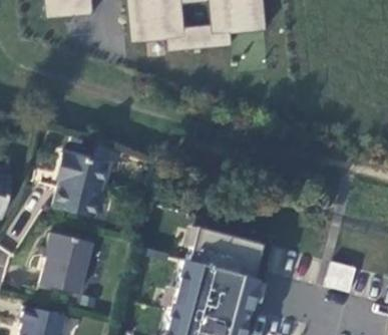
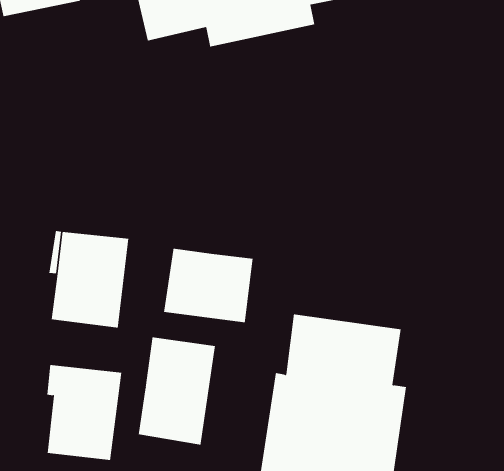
building: none -> [163,248,253,323]
building: none -> [138,336,216,446]

